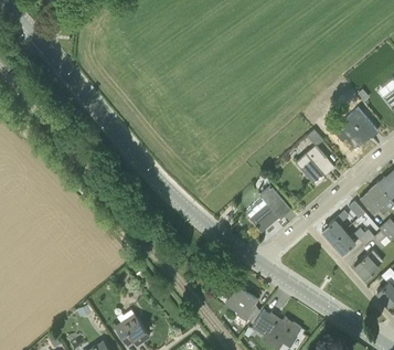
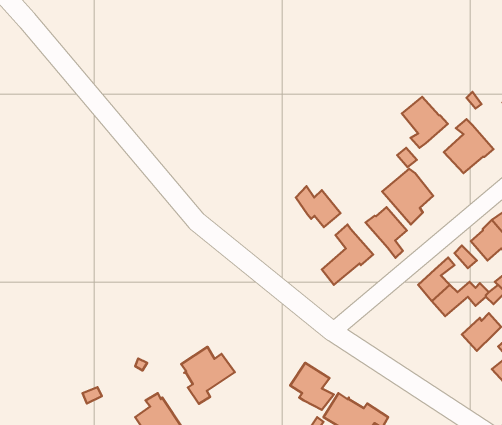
building: none -> [402,97,448,148]
building: none -> [296,186,340,227]
building: none -> [366,207,407,258]
building: none -> [181,347,235,404]

